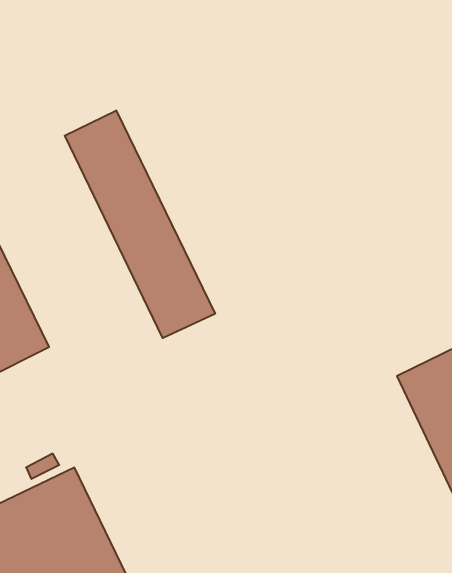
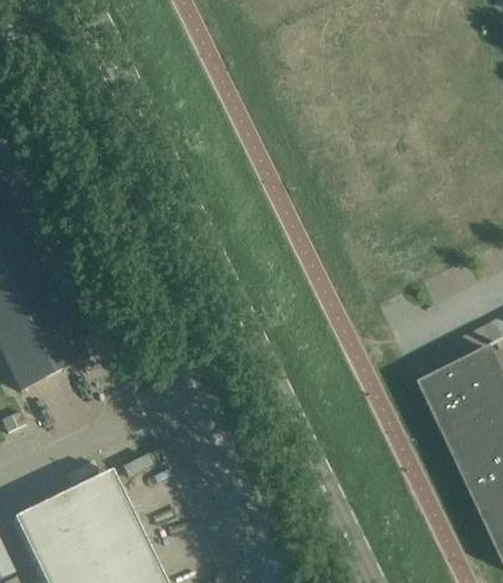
building: [65,110,215,338] -> none

